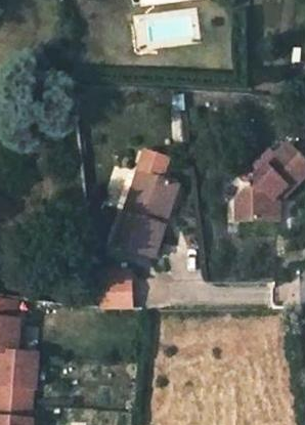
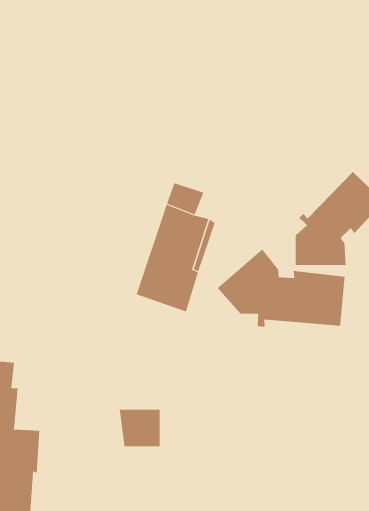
building: none -> [217,248,345,327]
building: [96,274,130,305] -> [119,409,161,447]

